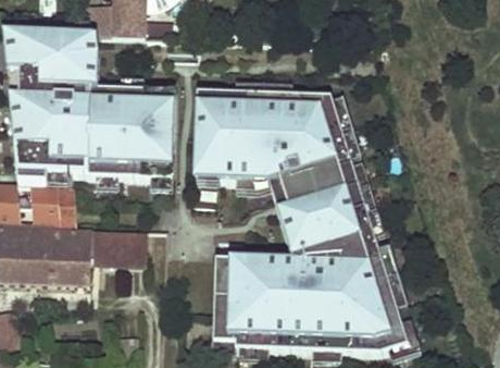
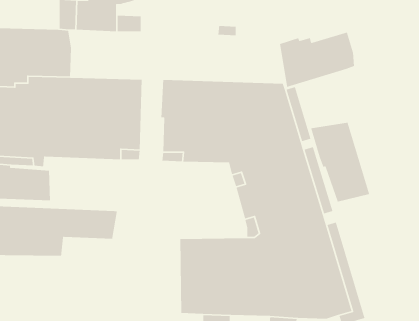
building: none -> [279,32,355,88]
building: none -> [310,122,370,202]

